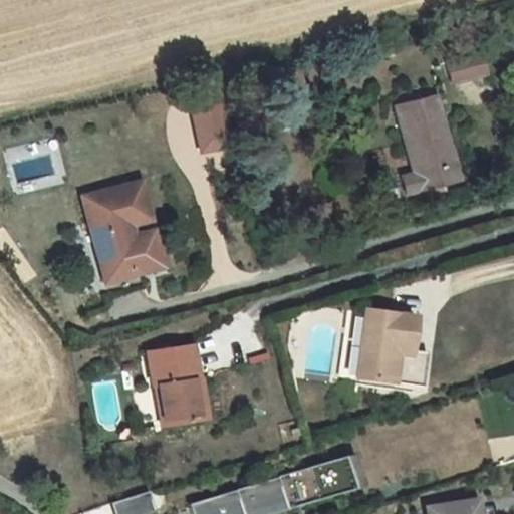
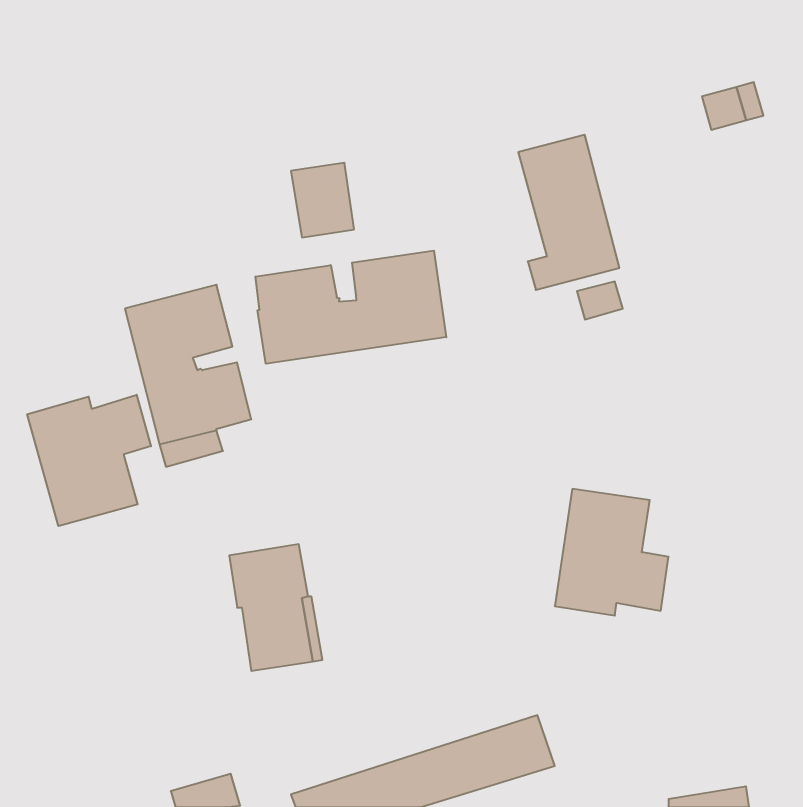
building: [397,95,461,194] -> [518,135,619,290]
building: none -> [255,251,446,364]
building: none -> [27,395,151,526]

